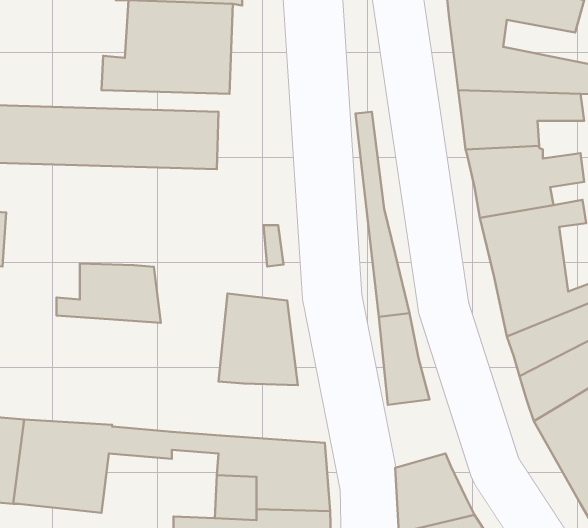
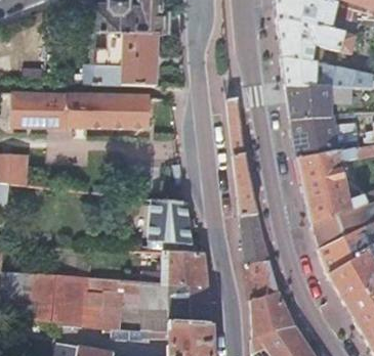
building: [56,263,161,323] -> [150,252,209,285]
building: none -> [245,261,278,300]
building: none -> [82,292,122,327]

